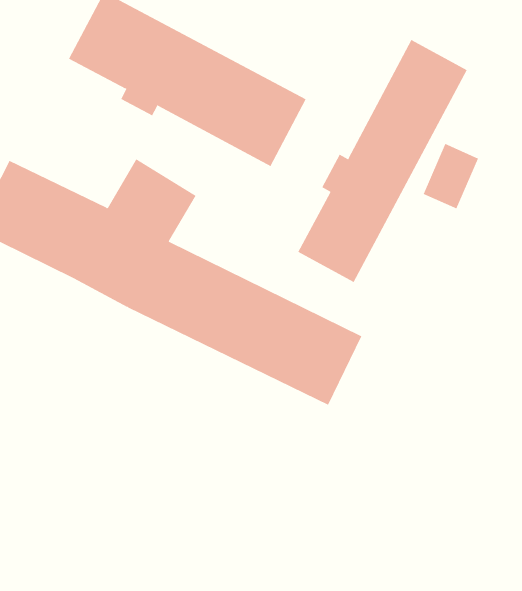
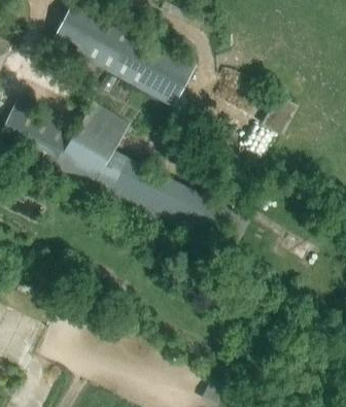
building: [298,39,467,283] -> none

